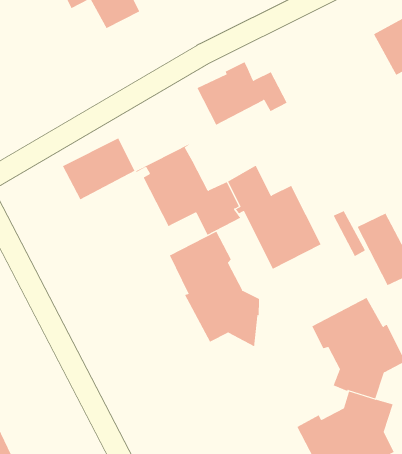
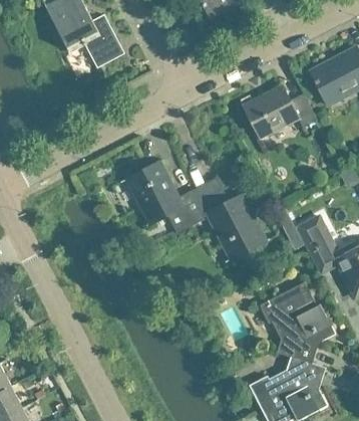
building: [196,61,288,126] -> [244,85,317,137]
building: [62,137,135,200] -> none
building: [169,231,259,347] -> none

